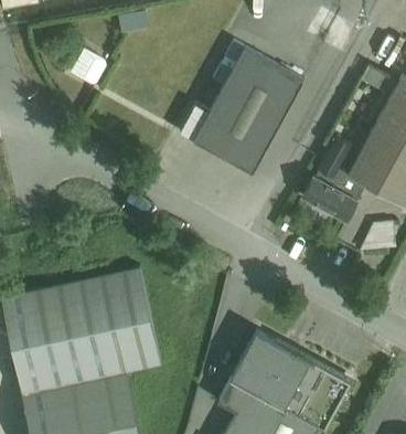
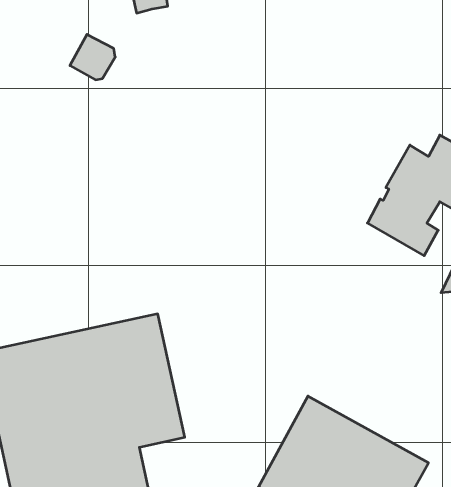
building: [180,42,302,174] -> none

